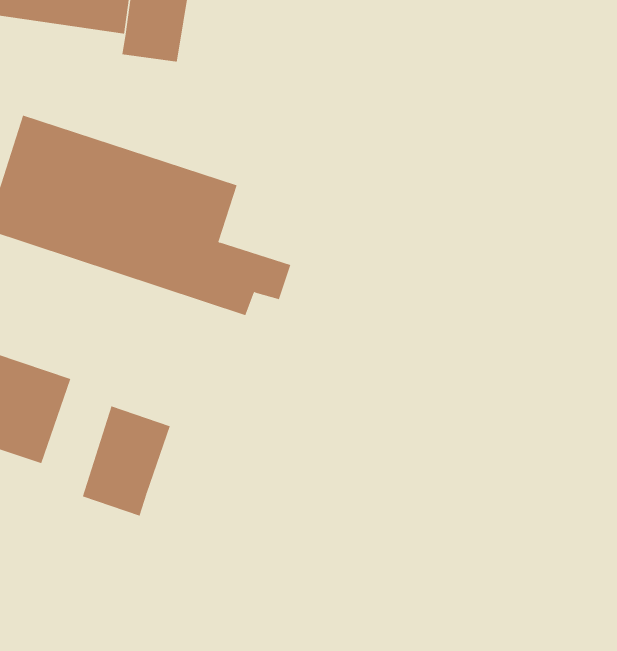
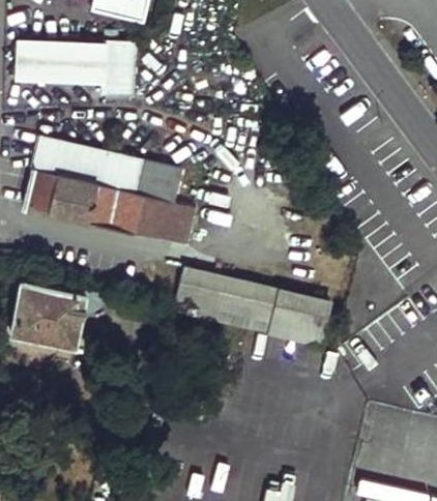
building: none -> [173,268,330,346]
building: [82,405,171,516] -> none

